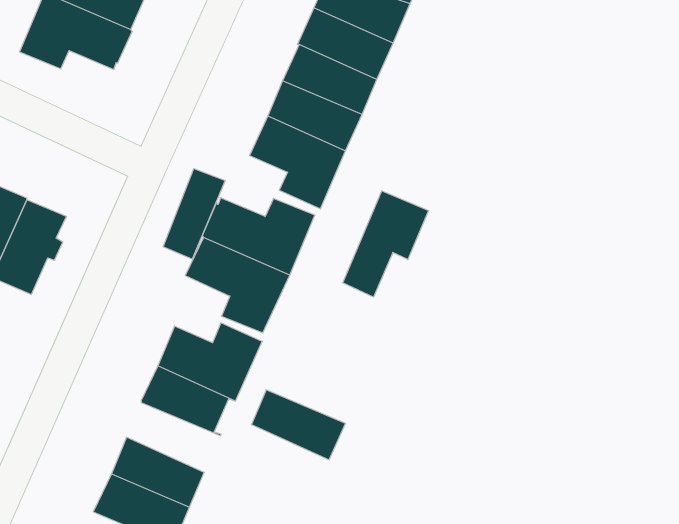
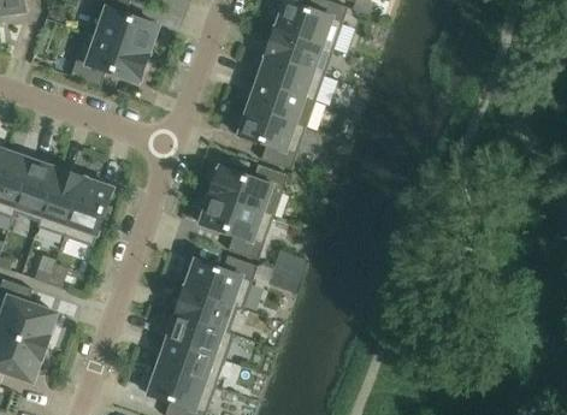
building: [163,169,225,259] -> none
building: [343,191,429,297] -> none
building: [251,390,346,460] -> [166,314,232,360]

